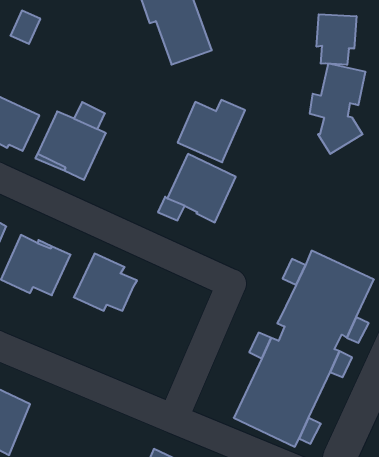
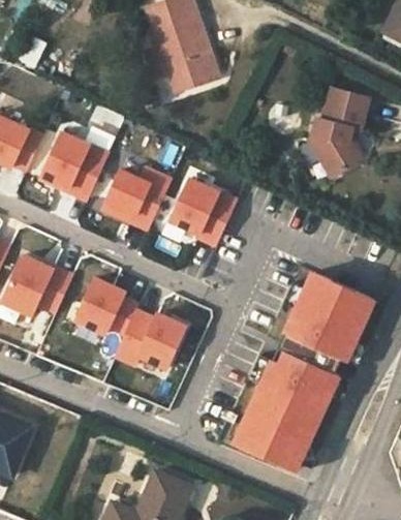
building: [317,14,356,65] -> none
building: [178,100,245,162] -> [102,169,169,231]
building: none -> [116,308,186,367]

